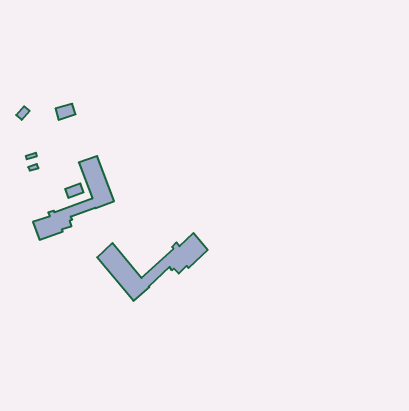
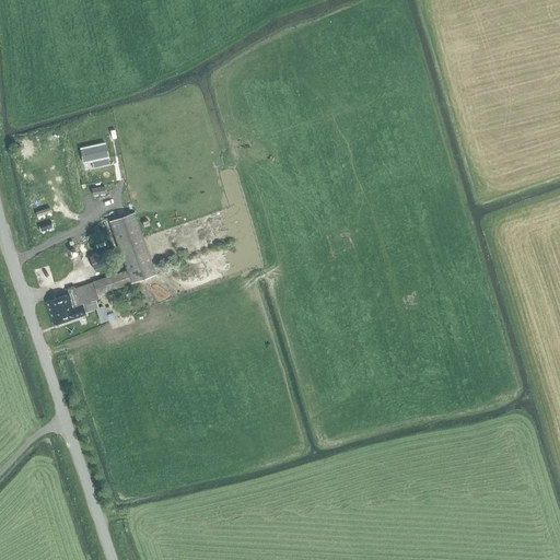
building: [97,233,208,301] -> none

